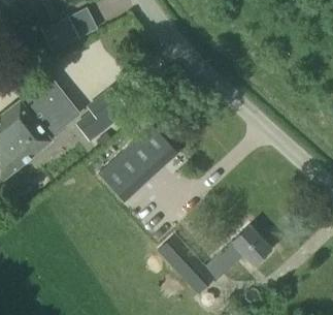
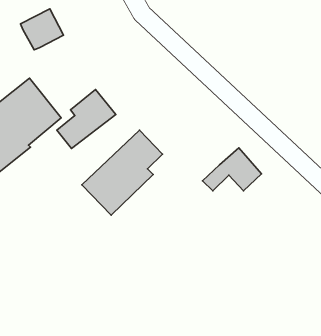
building: [218,226,271,265] -> [203,148,262,191]
building: [160,237,213,291] -> none

